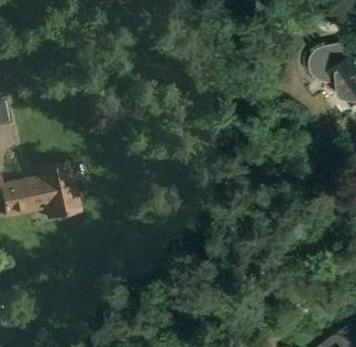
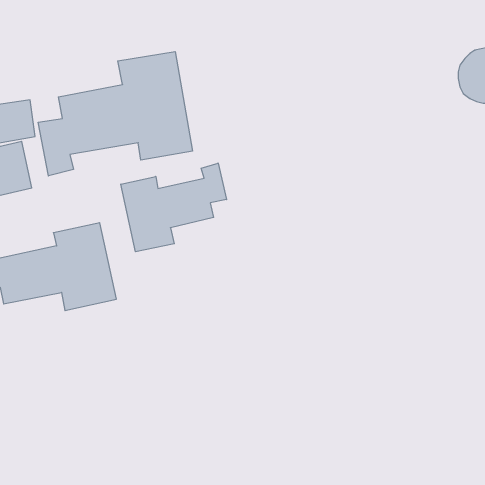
building: none -> [38,52,192,176]
building: none -> [121,163,227,252]

